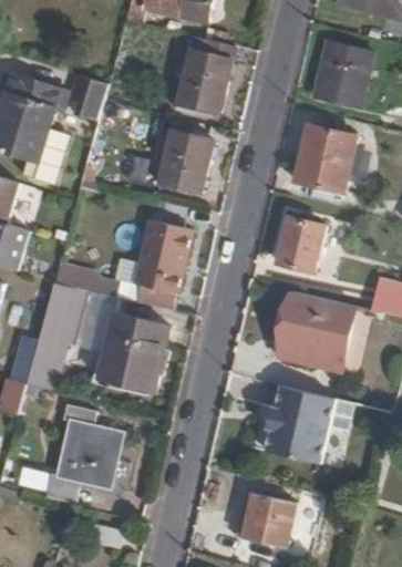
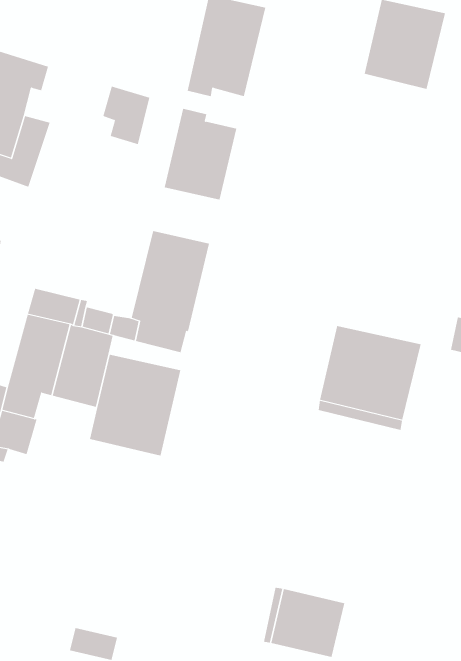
building: [69,74,105,120] -> [103,86,150,145]
building: [292,124,358,194] -> none
building: [275,216,326,274] -> none
building: [264,386,334,464] -> none
building: [45,405,123,503] -> none

